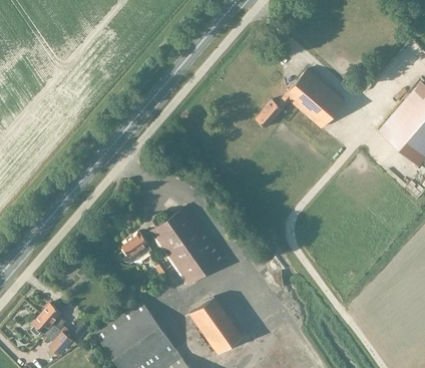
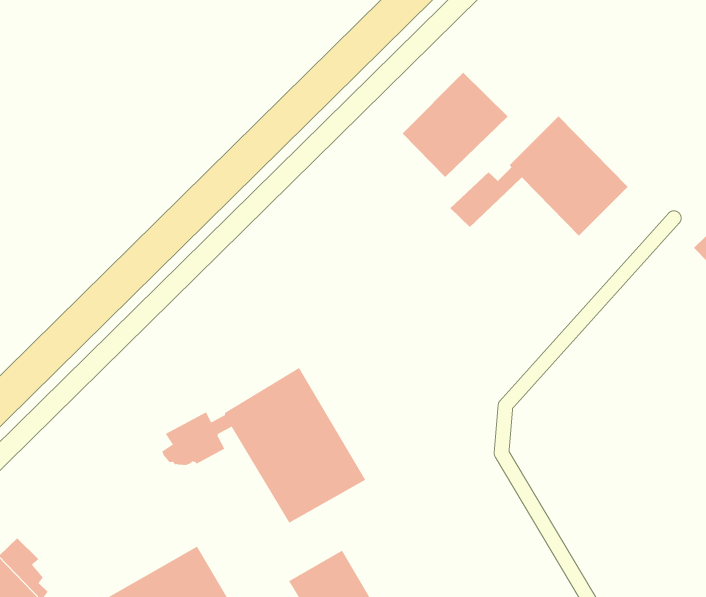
building: none -> [402,72,508,178]

